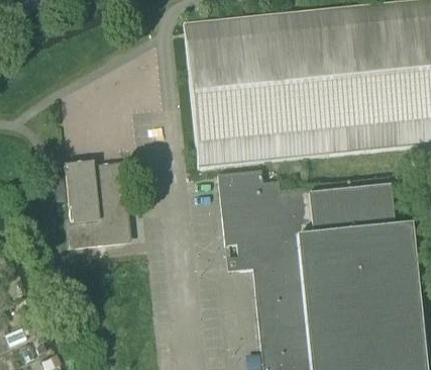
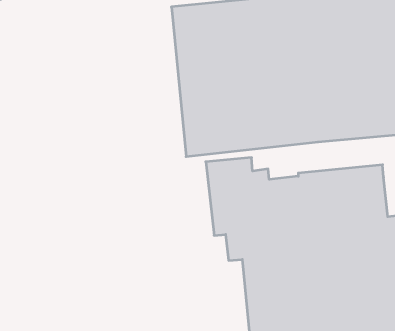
building: [65,160,127,246] -> none

